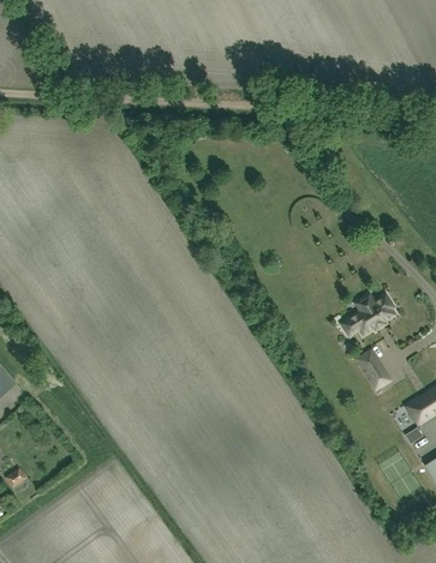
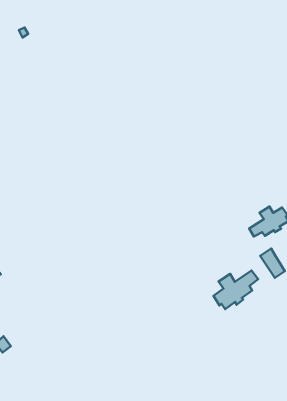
building: none -> [213,270,258,309]

